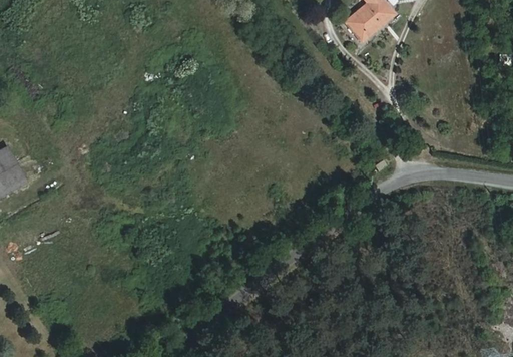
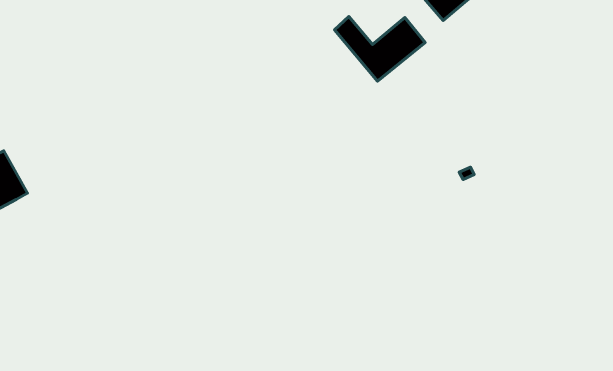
building: none -> [335,17,425,81]

